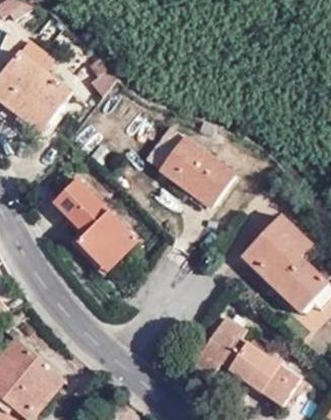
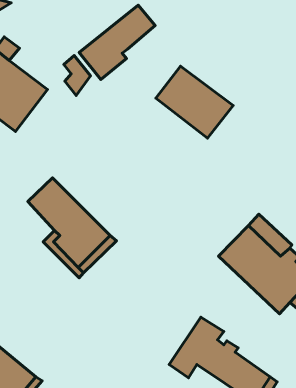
building: none -> [79,5,155,80]
building: [159,136,235,207] -> [156,66,233,138]

